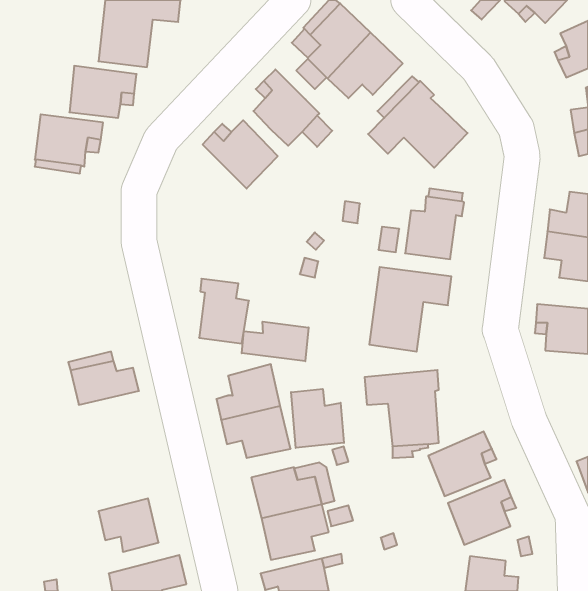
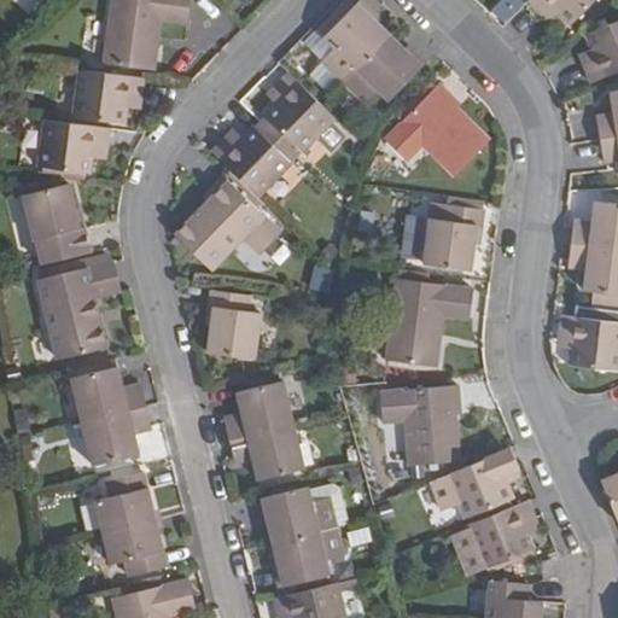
building: none -> [175,176,279,270]
building: none -> [22,185,86,252]
building: none -> [37,262,121,360]
building: [242,322,309,361] -> none
building: [291,389,344,448] -> none
building: none -> [82,408,150,466]
building: none -> [94,474,154,534]

